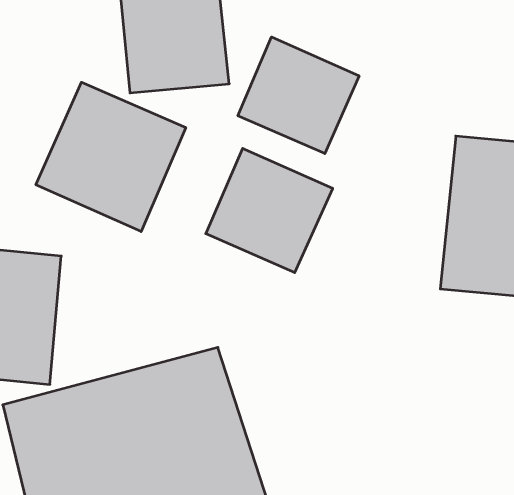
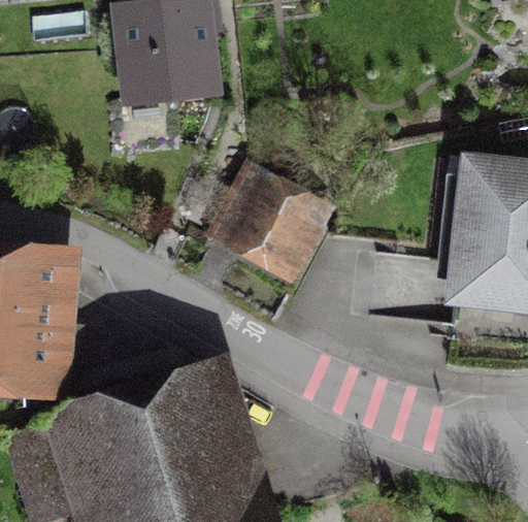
building: [238,37,359,154] -> none
building: [36,82,186,232] -> none

